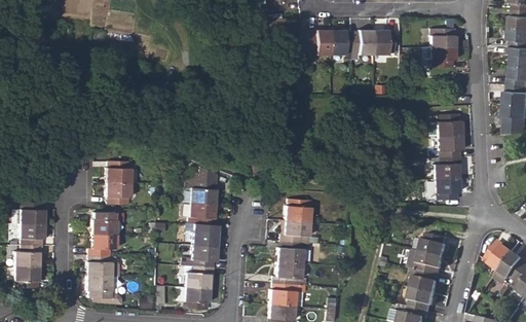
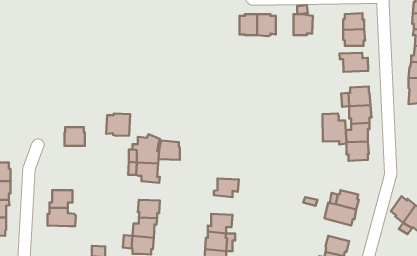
building: [352,29,373,53] -> none
building: none -> [340,53,368,72]
building: none -> [323,113,347,144]
building: none -> [106,114,130,136]
building: [106,182,130,203] -> none
building: [285,198,310,221] -> none
building: [92,212,117,234] -> none
building: [193,223,218,246] -> [158,140,180,160]
building: [277,240,303,262] -> none
building: [410,267,441,293] -> none
building: [87,275,119,302] -> none

